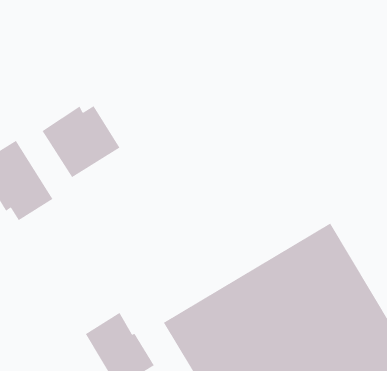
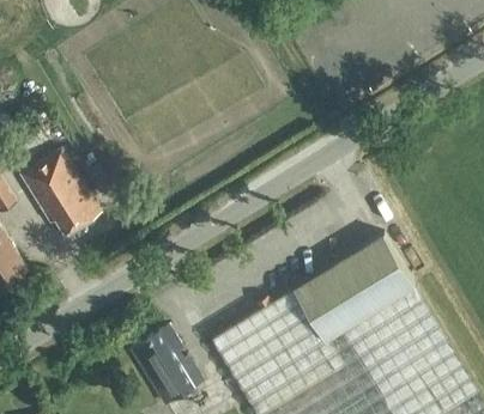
building: [42,105,120,178] -> none

